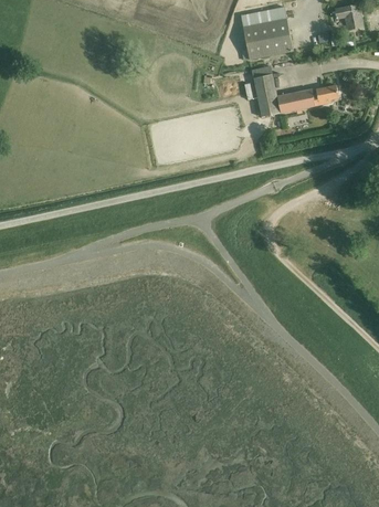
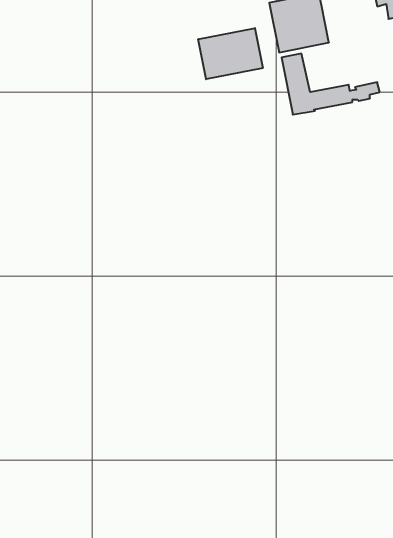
building: none -> [198,28,263,79]

